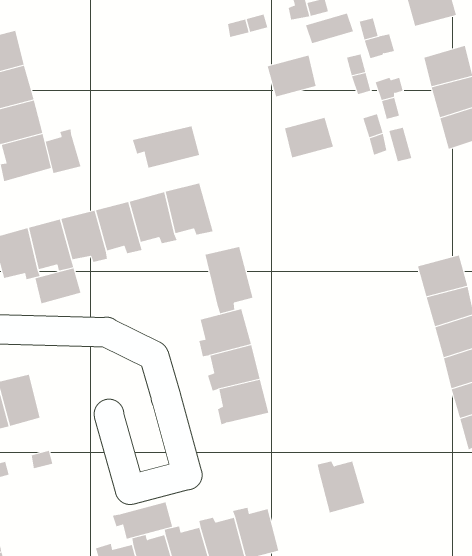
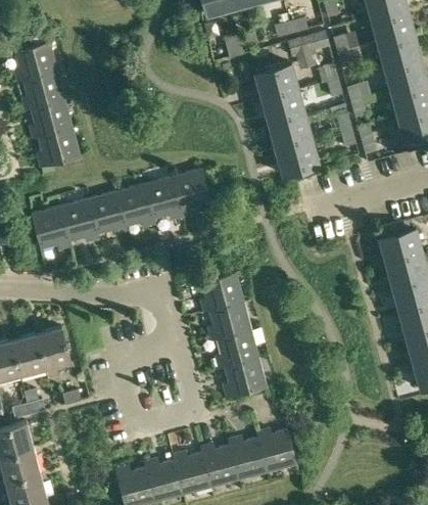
building: none -> [378,32,420,66]
building: none -> [264,90,304,125]
building: [132,125,200,169] -> none
building: [45,129,81,174] -> none
building: none -> [277,140,318,175]
building: [205,246,253,314] -> none
building: [35,267,81,304] -> none
building: none -> [223,359,266,398]
building: [317,461,365,513] -> [256,429,296,472]
building: [112,502,173,539] -> none

